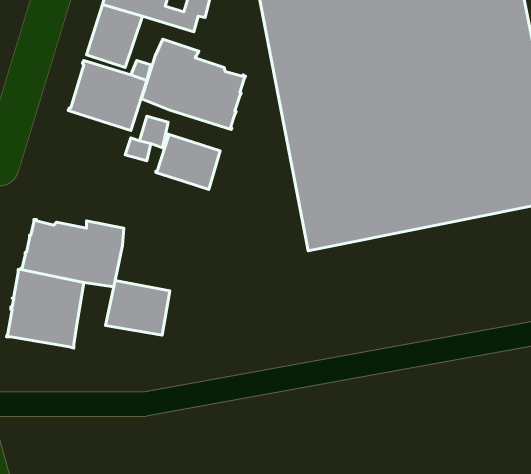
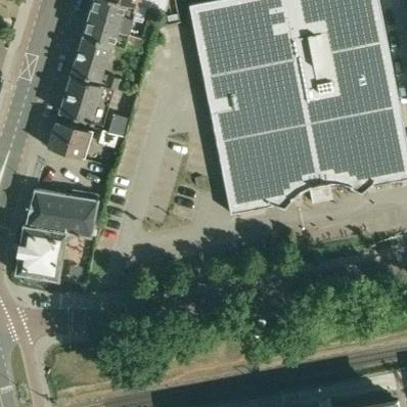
building: [142,39,246,130] -> none
building: [156,134,220,190] -> [46,120,92,160]
building: [106,281,170,335] -> none

